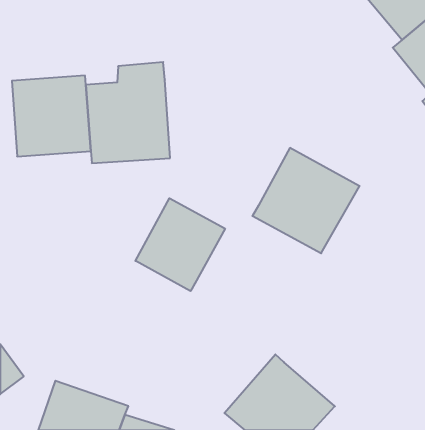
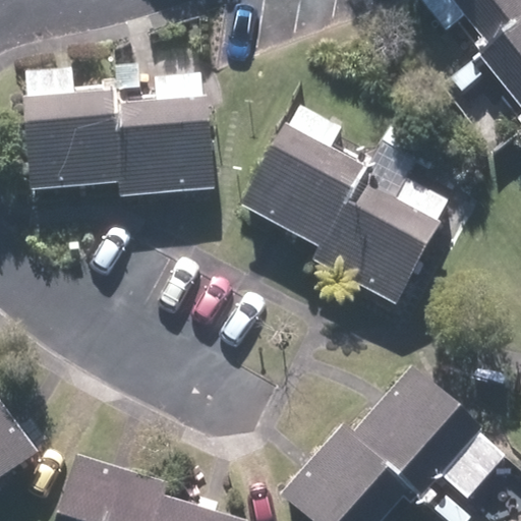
building: none -> [242,125,363,246]
building: [135,198,225,291] -> none
building: none -> [351,368,479,494]

